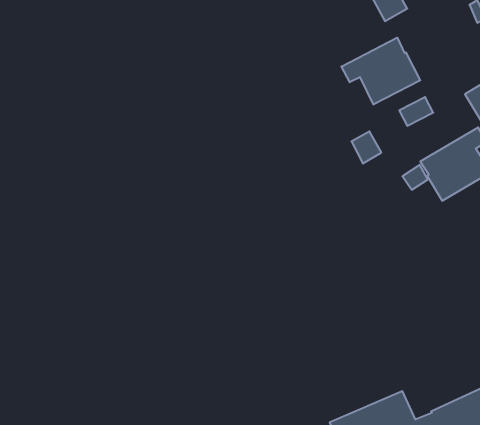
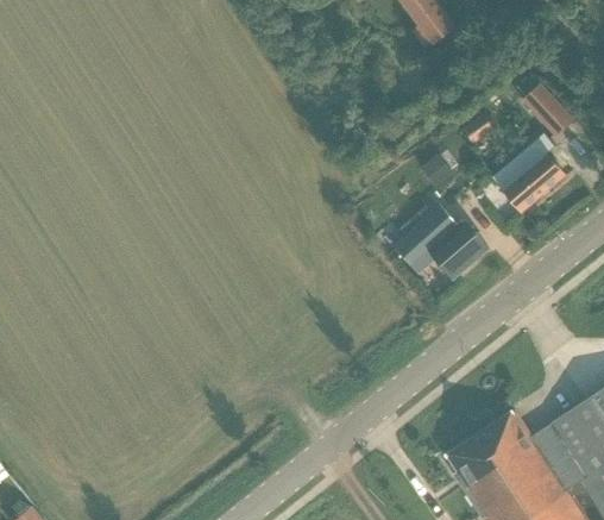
building: [341,38,420,105] -> none
building: none -> [397,203,490,277]

